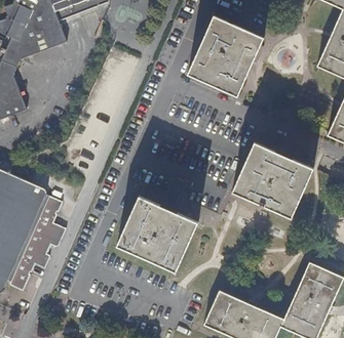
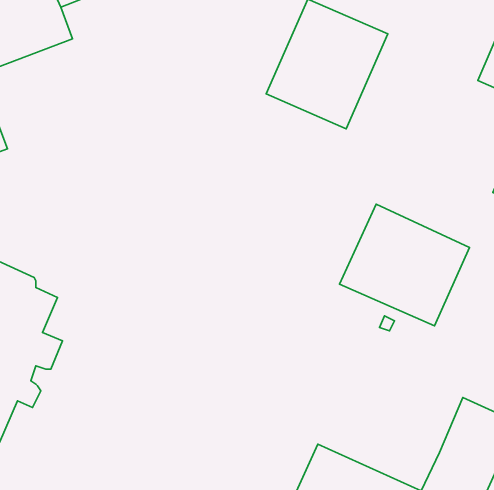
building: [116,197,196,270] -> none

